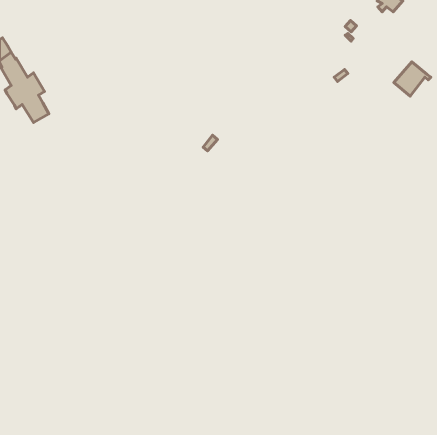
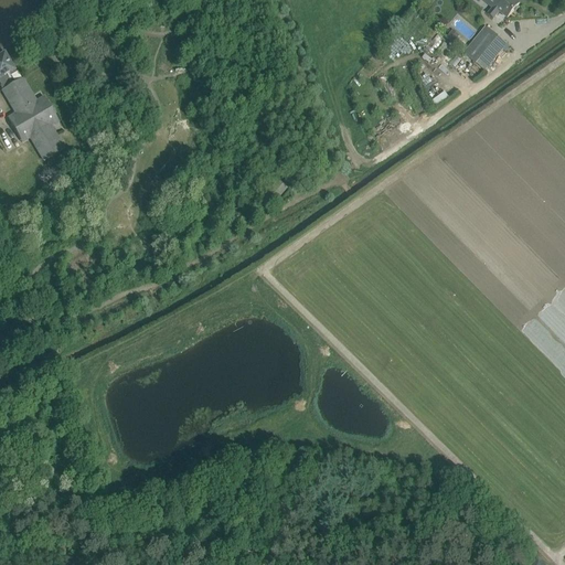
building: [394,62,431,96] -> [462,24,510,68]

